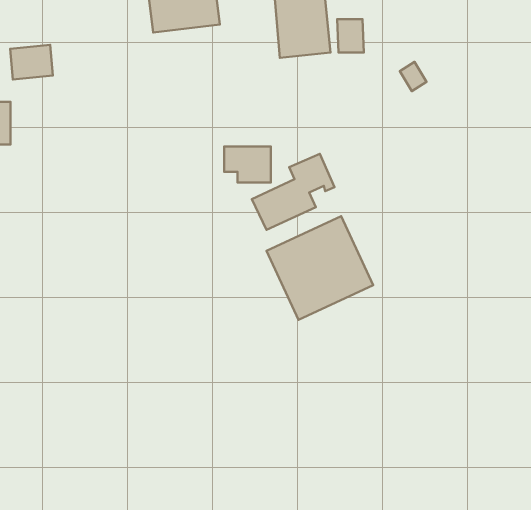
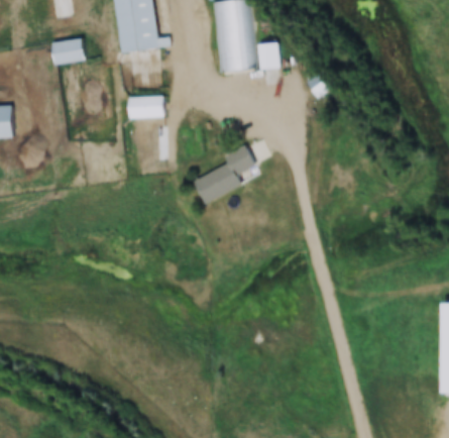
building: [10,45,53,80] -> [52,37,85,64]
building: [224,146,271,182] -> [129,97,164,124]
building: [267,216,373,320] -> none

